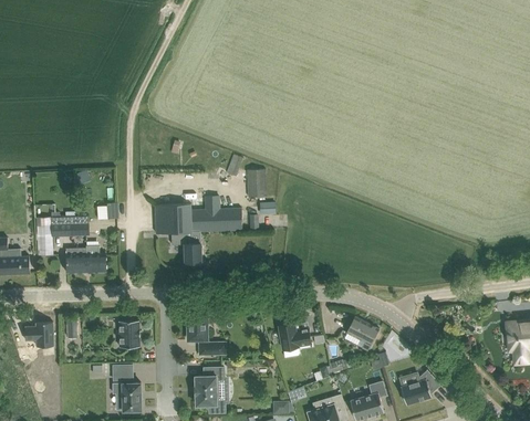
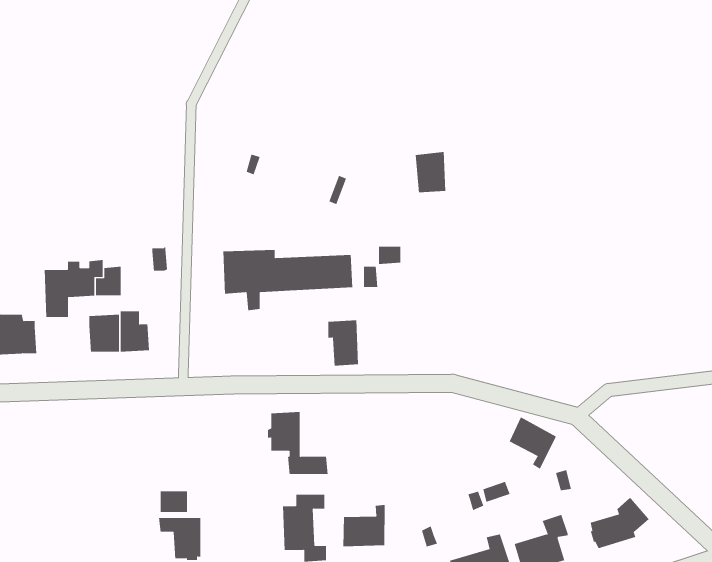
building: [246,169,267,197] -> [415,151,446,193]
building: [180,232,201,263] -> [327,320,359,366]
building: [118,320,139,347] -> none
building: [24,323,53,347] -> none
building: [279,323,311,349] -> none
building: none -> [343,504,385,547]

